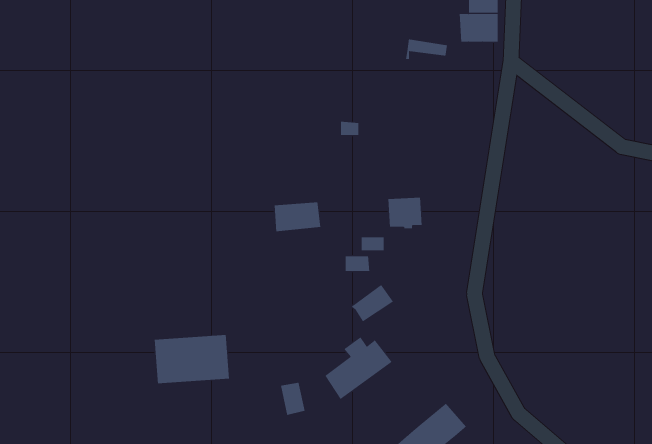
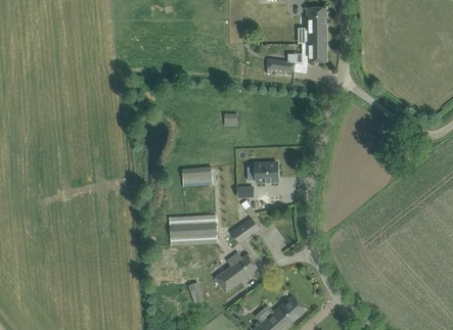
building: [154,335,230,384] -> [169,214,218,245]

